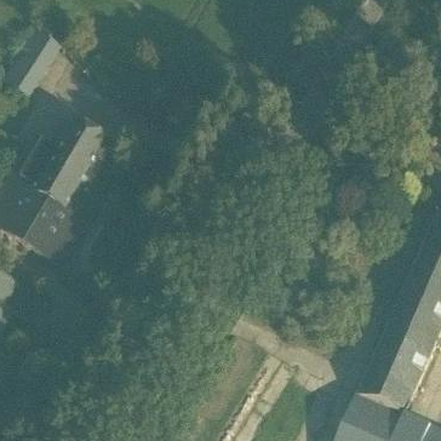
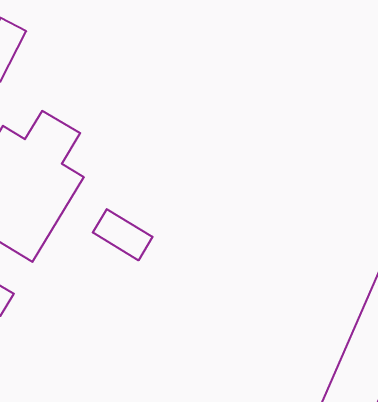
building: none -> [93,209,153,260]

